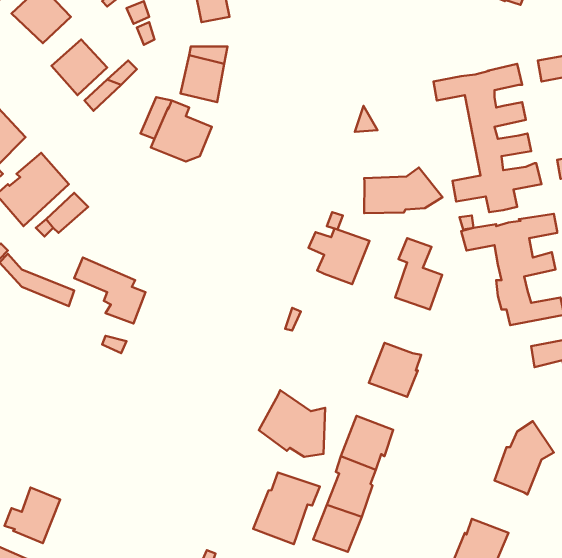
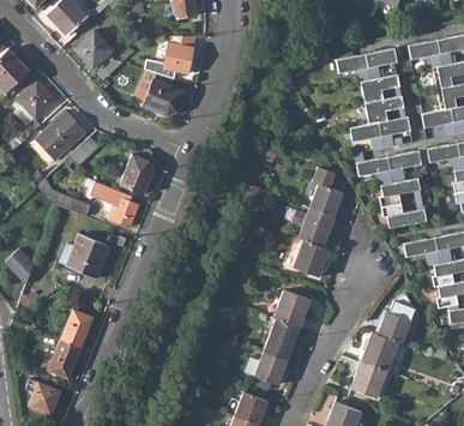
building: [364,168,442,213] -> none
building: none -> [120,155,153,194]
building: [308,229,369,284] -> [293,209,335,247]
building: none -> [60,234,108,278]
building: [259,390,325,457] -> none
building: none -> [60,310,94,348]
building: [253,473,320,544] -> none
building: none -> [363,334,399,371]

